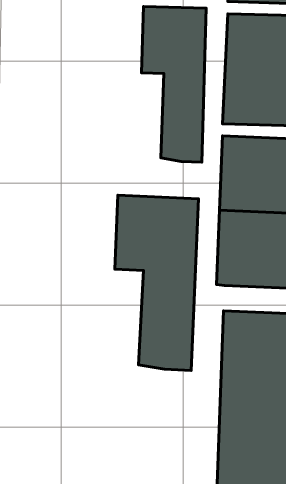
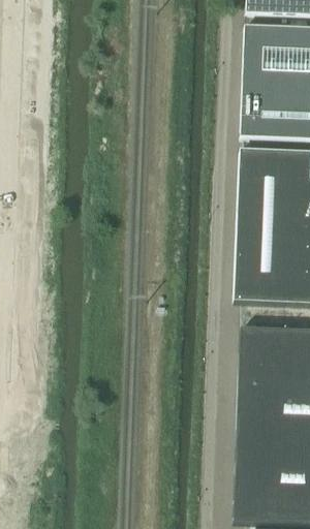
building: [142,6,206,162] -> none
building: [115,195,199,370] -> none

